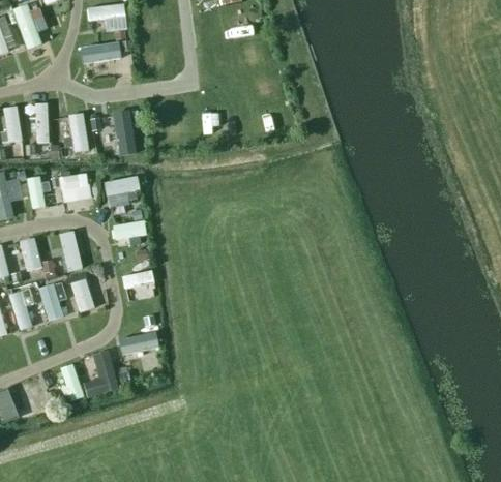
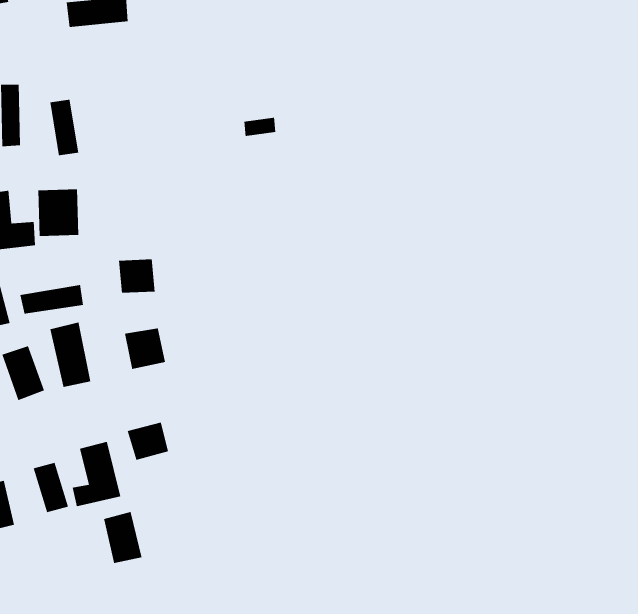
building: [98,115,131,139] -> none
building: [106,178,140,198] -> none
building: none -> [103,511,142,564]

